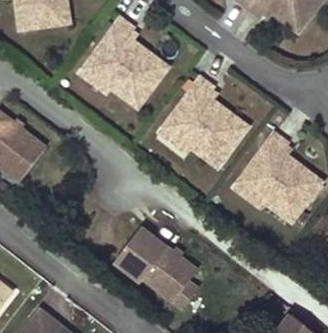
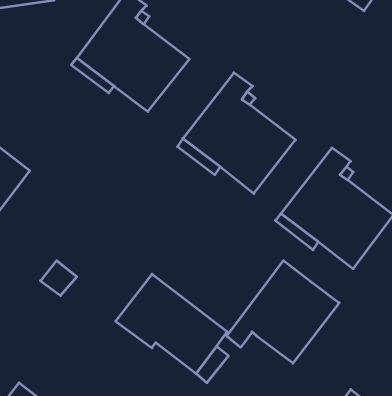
building: none -> [227,261,339,363]

